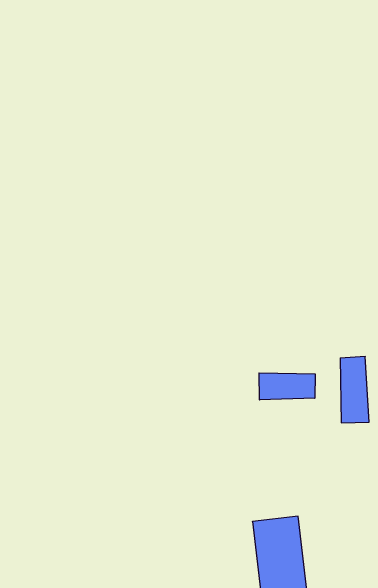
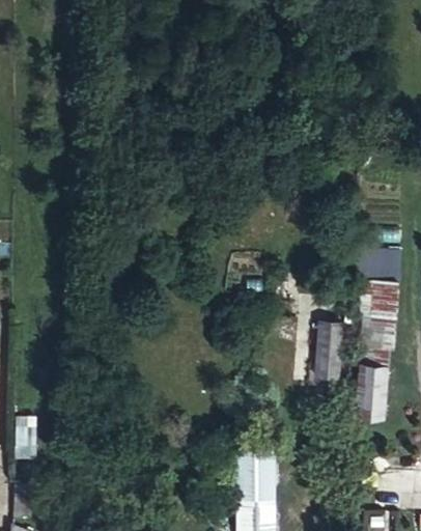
building: [259,373,315,400] -> none

